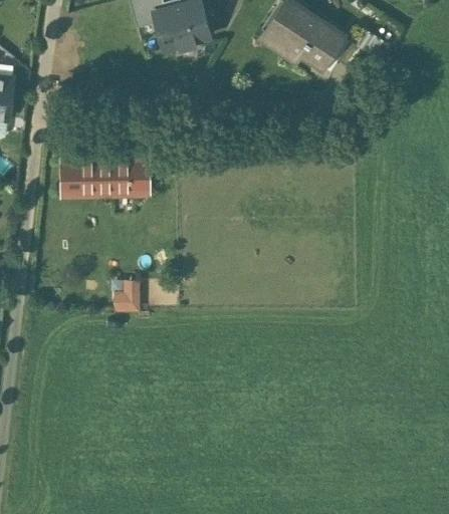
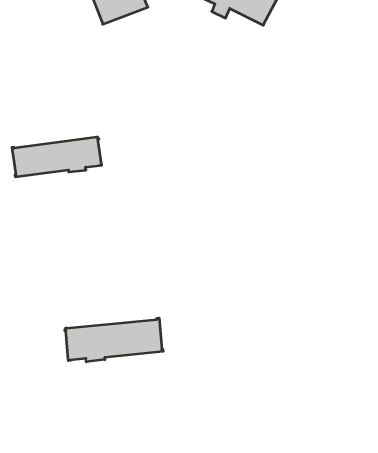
building: [115,282,141,313] -> none
building: none -> [65,318,163,362]

